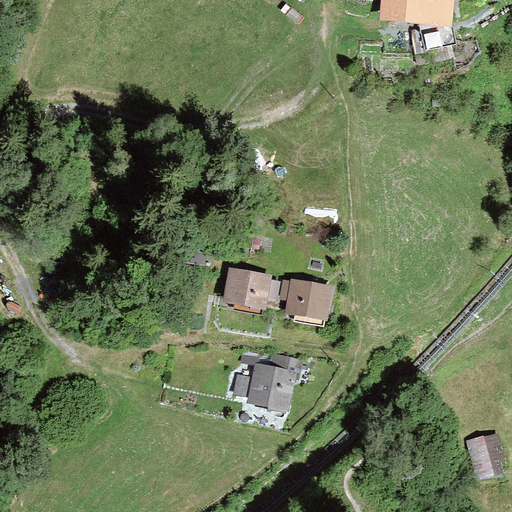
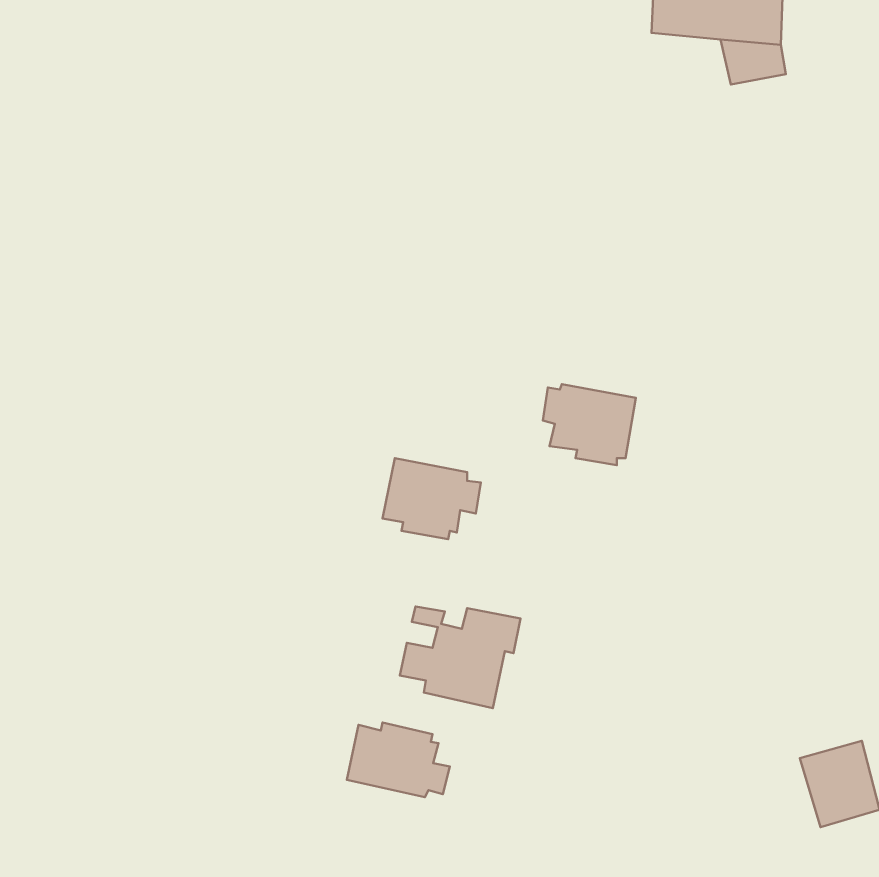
building: [279,277,333,324] -> [543,384,636,465]
building: none -> [347,723,450,797]

